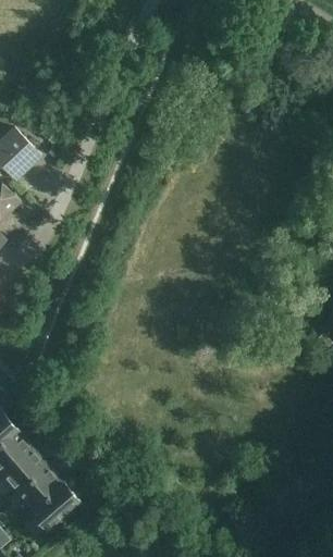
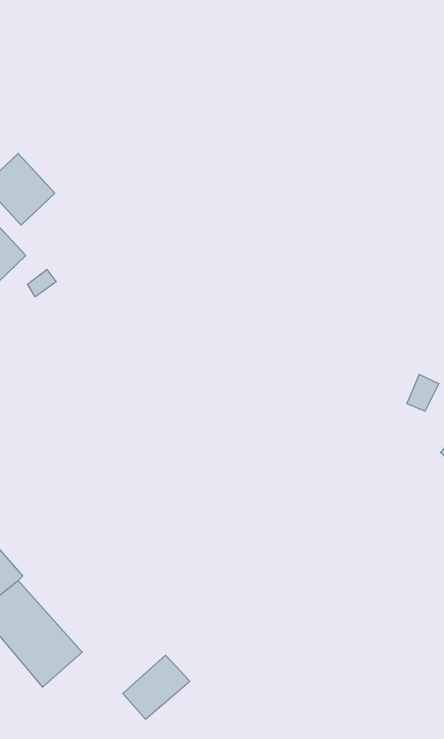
building: [32,482,79,528] -> [123,655,190,719]

